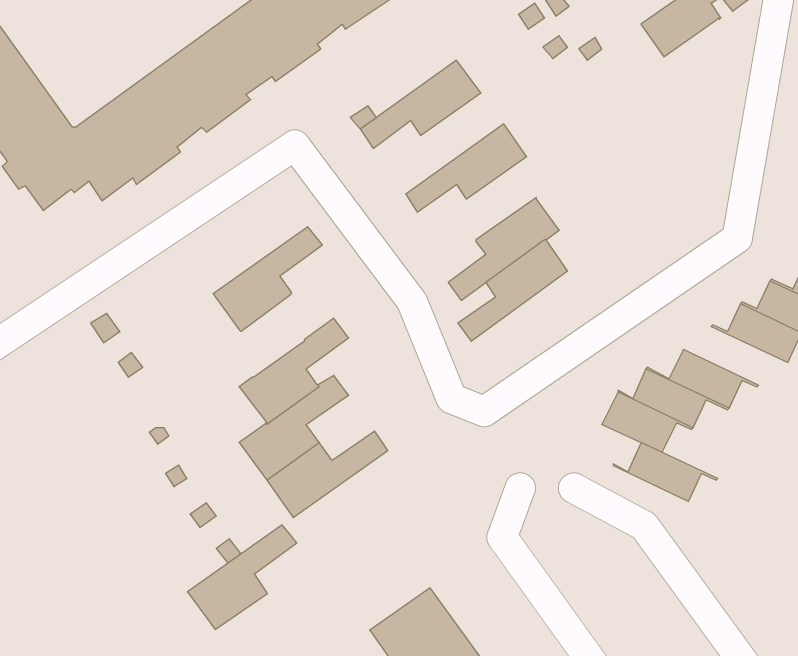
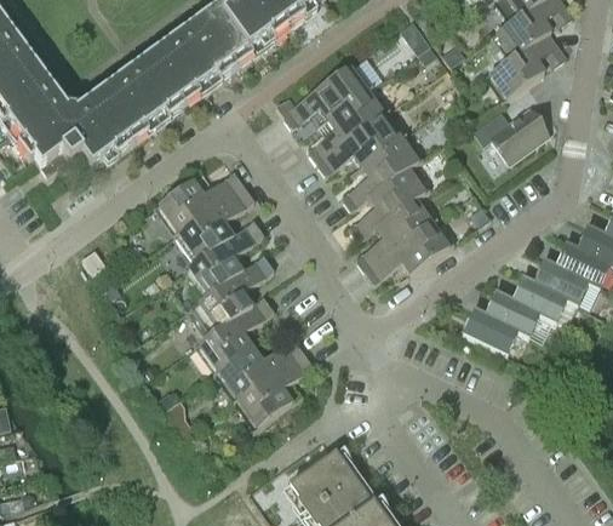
building: none -> [483,29,566,99]
building: none -> [306,85,389,160]
building: none -> [472,107,548,160]
building: none -> [340,132,423,208]
building: none -> [154,170,244,234]
building: none -> [365,217,454,281]
building: none -> [183,218,263,296]
building: [613,443,718,501] -> [522,258,600,302]
building: [187,525,297,629] -> [233,350,314,428]

